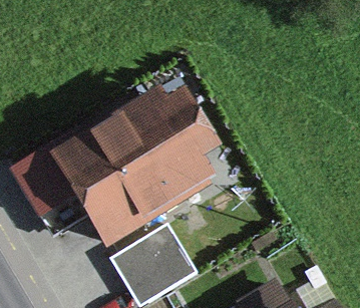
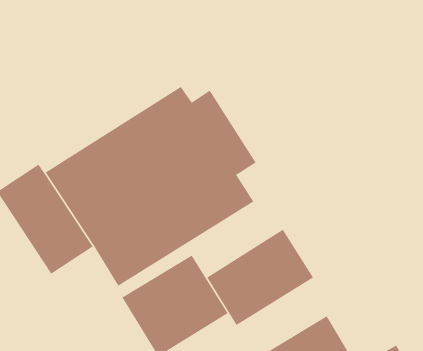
building: none -> [206,229,314,326]

